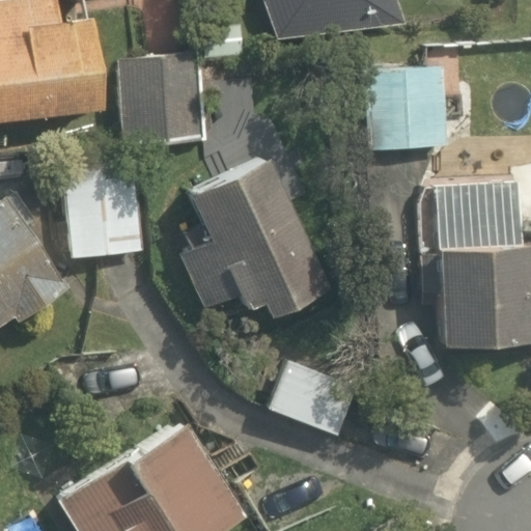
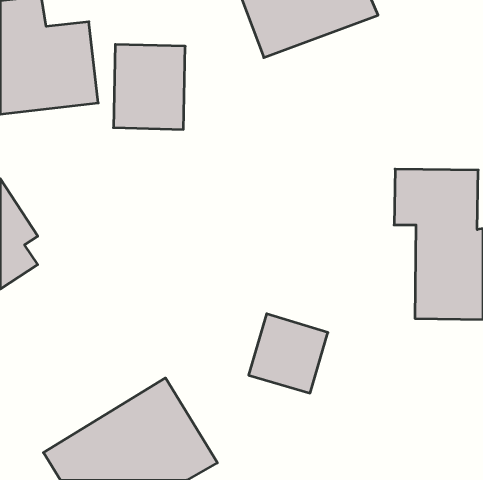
building: [368,71,445,150] -> none
building: [161,153,324,313] -> none
building: [72,163,141,256] -> none

